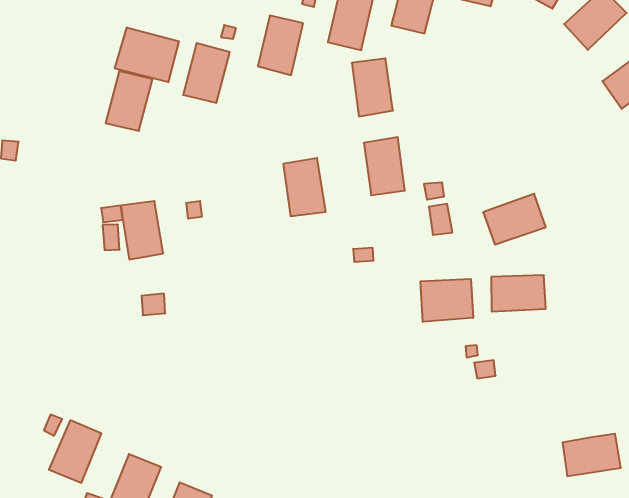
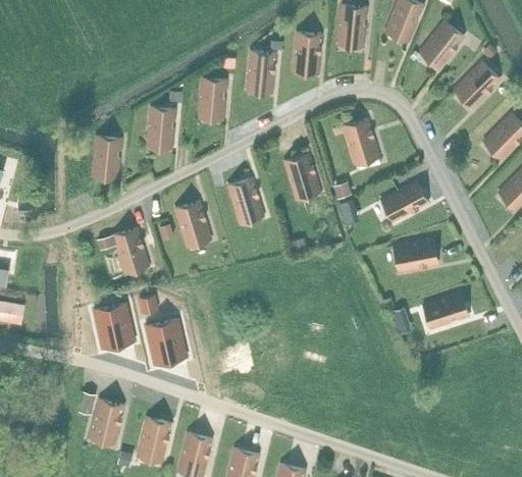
building: [115,27,179,82] -> none
building: [352,58,393,116] -> [343,119,378,165]
building: none -> [174,202,211,247]
building: [421,279,473,322] -> none
building: none -> [93,306,135,349]
building: none -> [143,320,184,362]
building: [563,434,621,476] -> [423,293,469,329]

